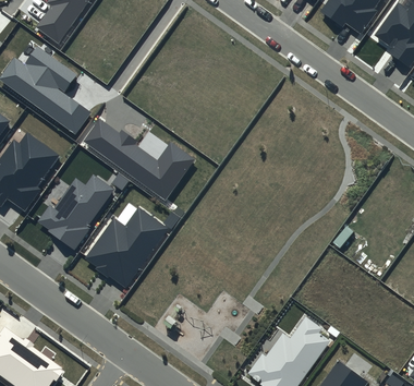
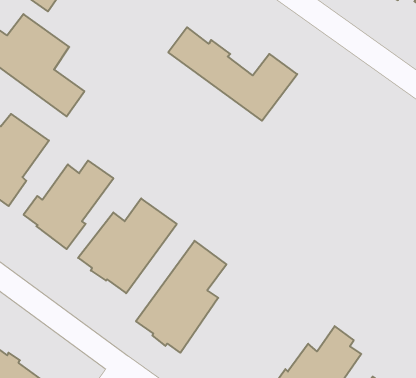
building: [84,119,195,200] -> [168,27,297,121]
building: none -> [136,241,226,353]

